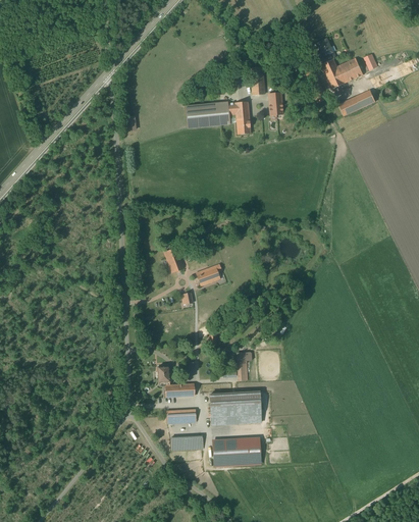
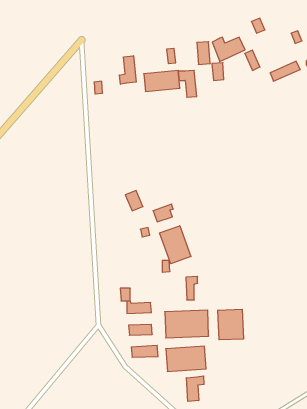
building: [321,59,361,89] -> [212,37,245,62]
building: none -> [119,56,136,84]
building: none -> [160,226,191,264]
building: none -> [218,309,243,340]
building: none -> [186,376,204,401]

